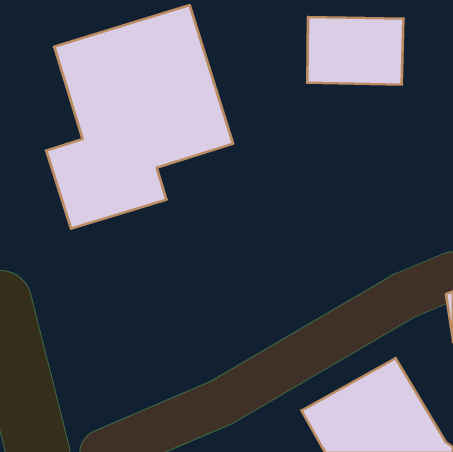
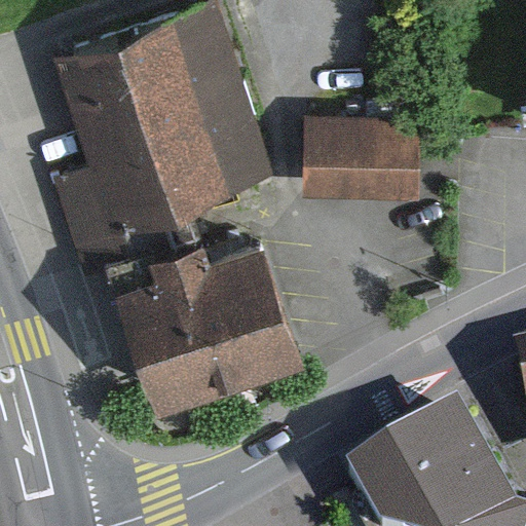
building: [307,17,404,84] -> [305,122,417,200]
building: none -> [117,215,295,397]

